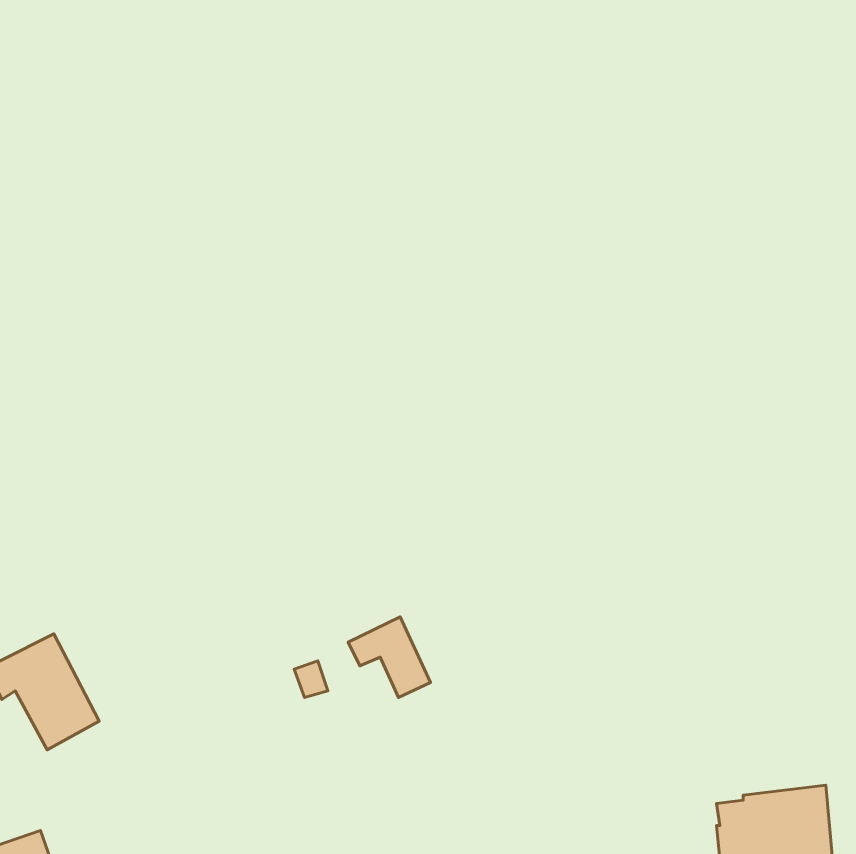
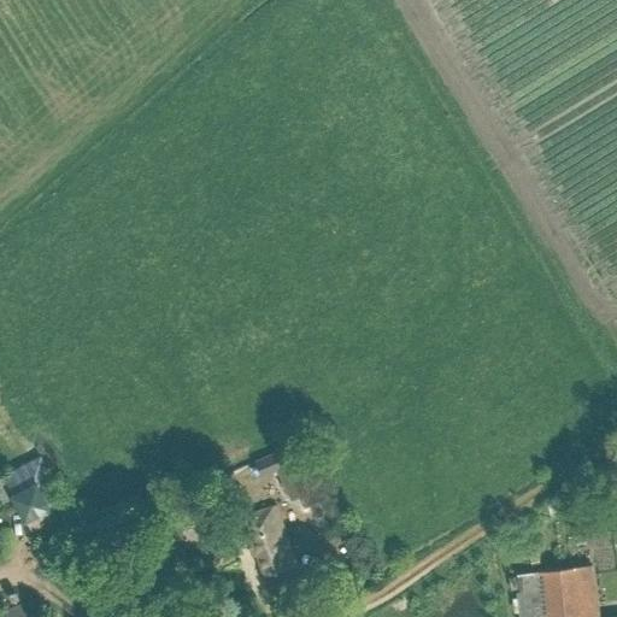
building: none -> [240,505,292,577]

